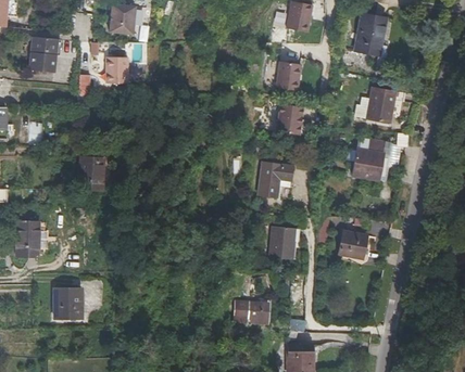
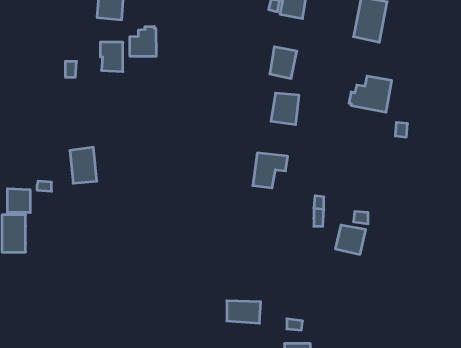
building: [28,36,56,73] -> none
building: none -> [130,26,156,56]
building: [351,139,390,181] -> none
building: none -> [7,189,30,213]
building: [267,225,294,259] -> none
building: [56,287,84,317] -> none

